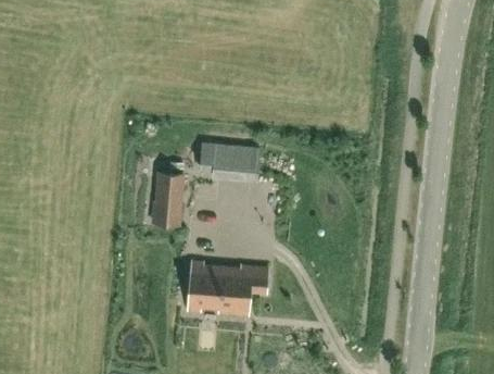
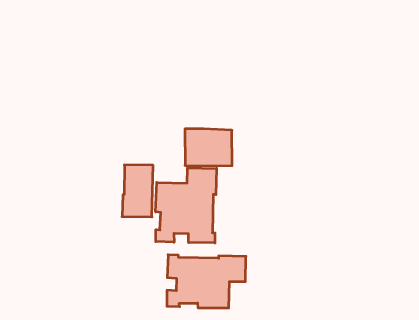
building: none -> [156,168,217,243]

